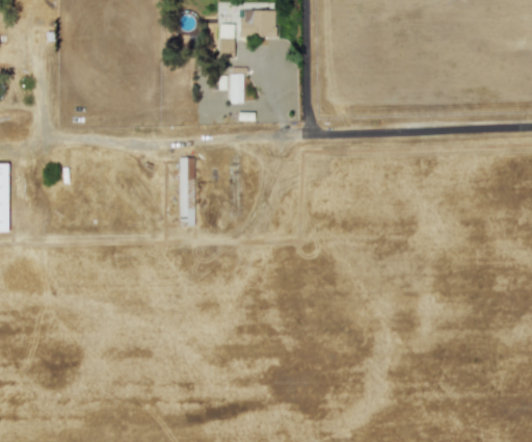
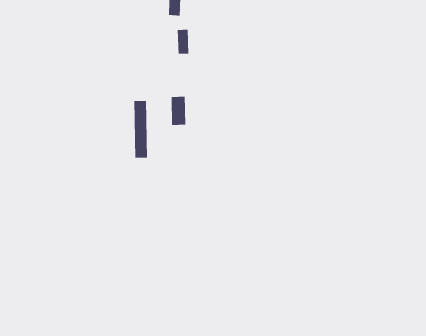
building: none -> [171,96,186,126]

